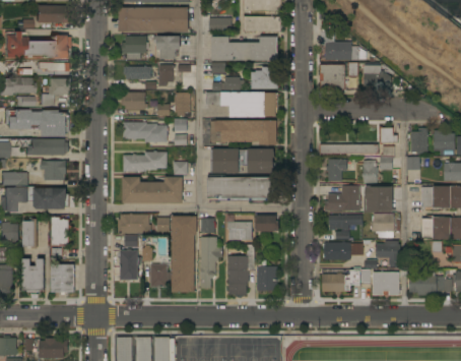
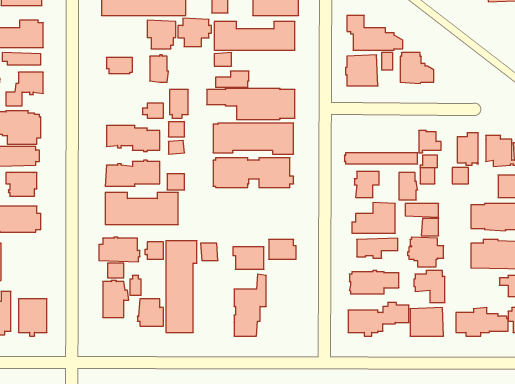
building: [121,37,148,60] -> [178,18,211,47]
building: [251,67,277,88] -> none
building: [121,93,147,110] -> none
building: [207,178,274,200] -> none
building: [50,217,72,256] -> none
building: [200,237,222,289] -> none
building: [256,260,277,291] -> none

